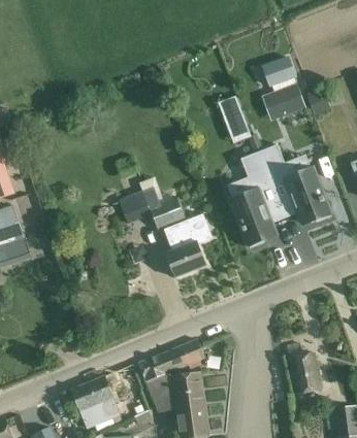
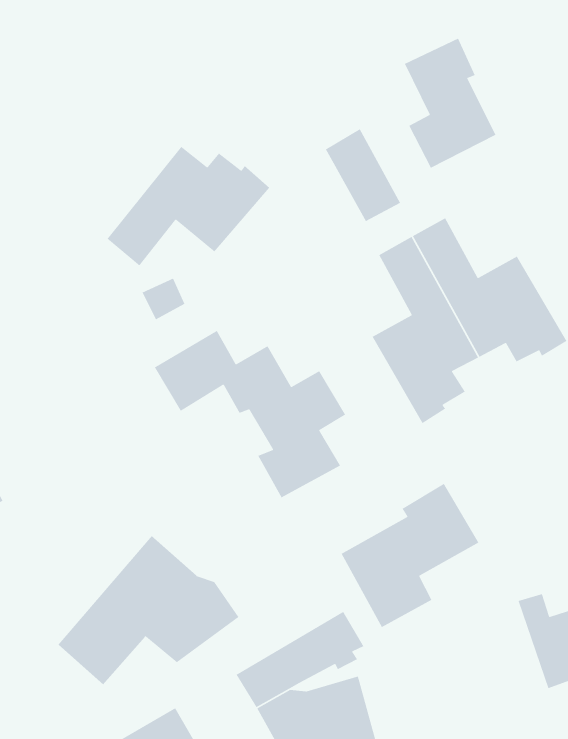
building: none -> [106,146,270,266]
building: none -> [341,483,480,628]
building: none -> [57,535,240,685]

